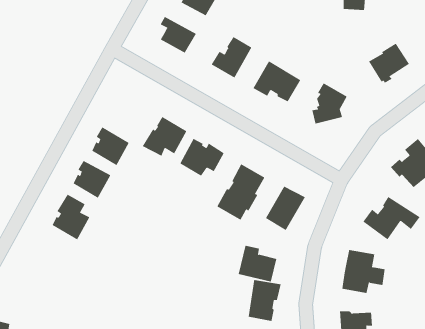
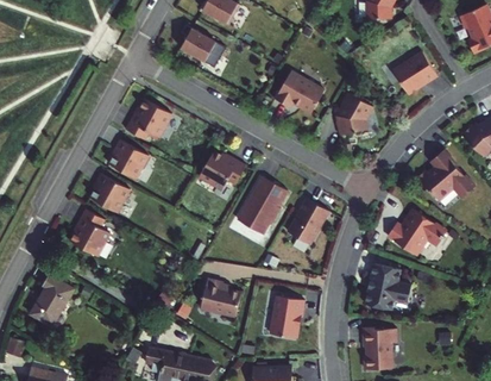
building: [211,36,252,78] -> none
building: [142,116,187,157] -> [124,98,170,139]
building: [238,245,277,282] -> [200,277,240,316]
building: none -> [29,273,73,326]

